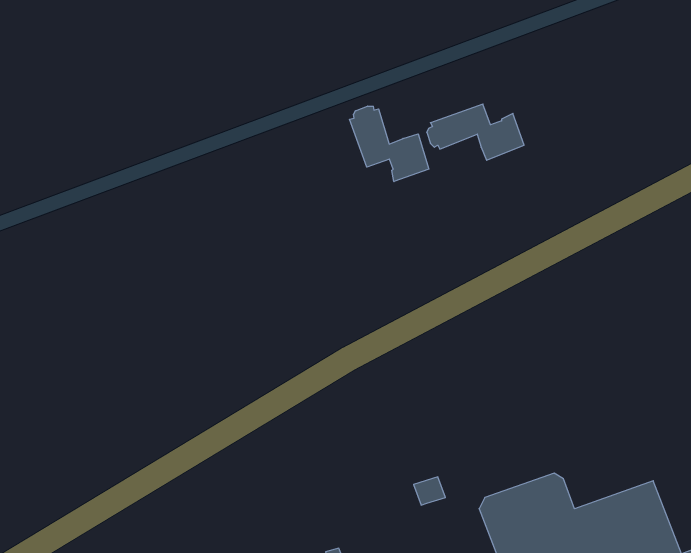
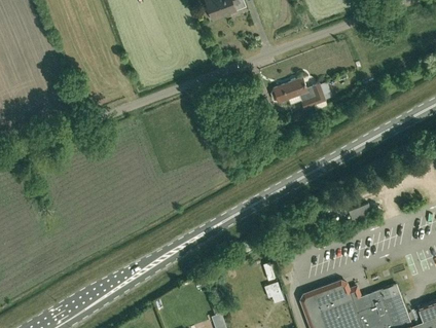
building: [350,106,429,182] -> none

